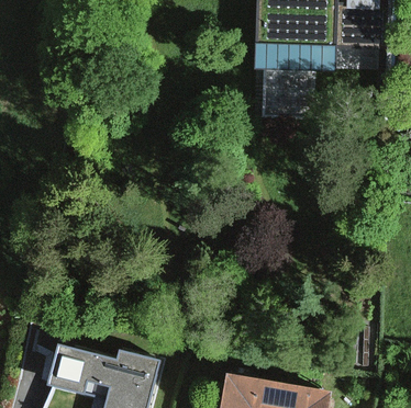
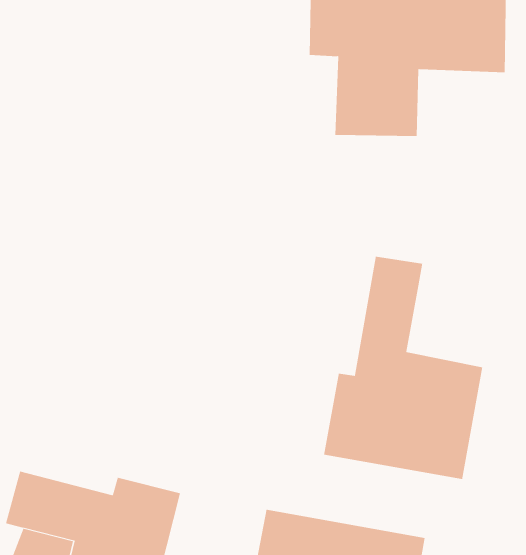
building: none -> [324,256,483,480]

